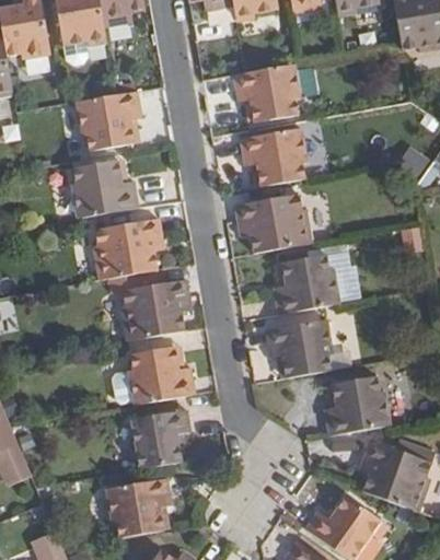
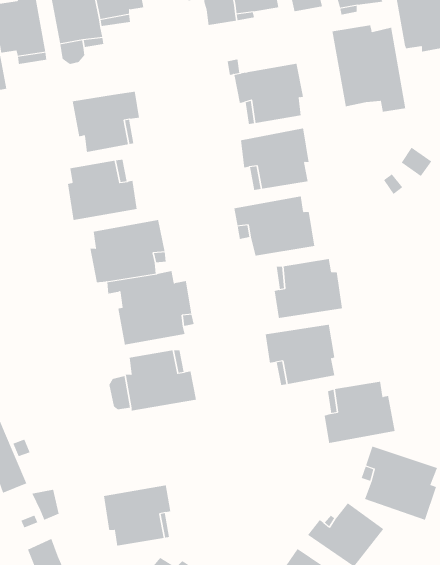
building: none -> [332,24,406,113]
building: [130,409,189,468] -> none

